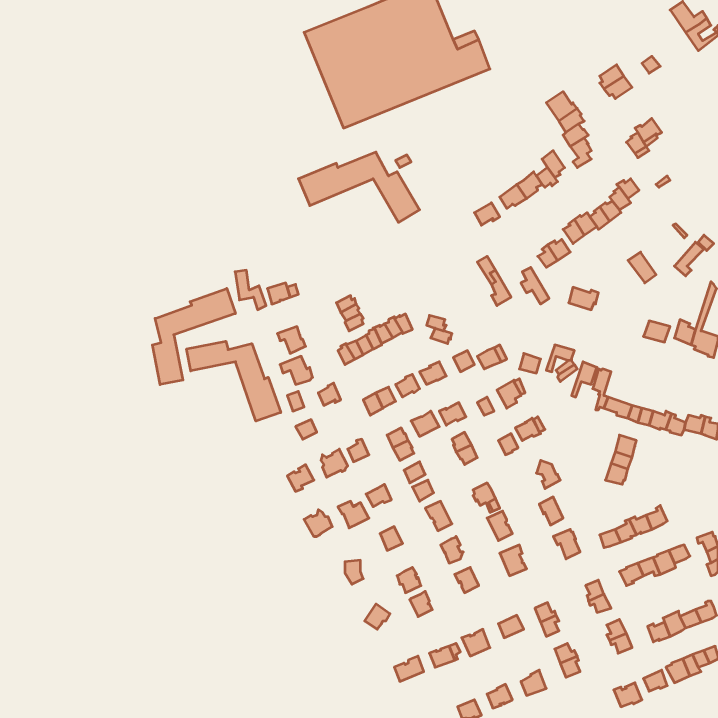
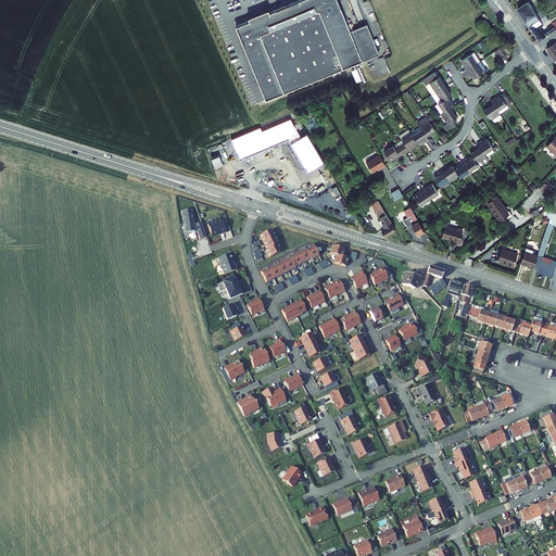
building: [152,288,235,385] -> none
building: [187,341,281,421] -> none

